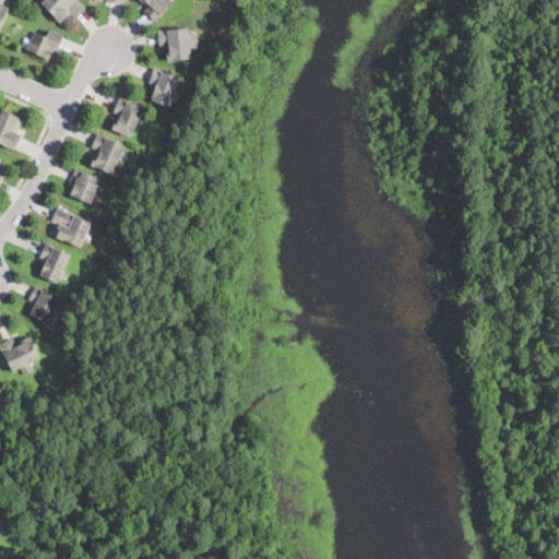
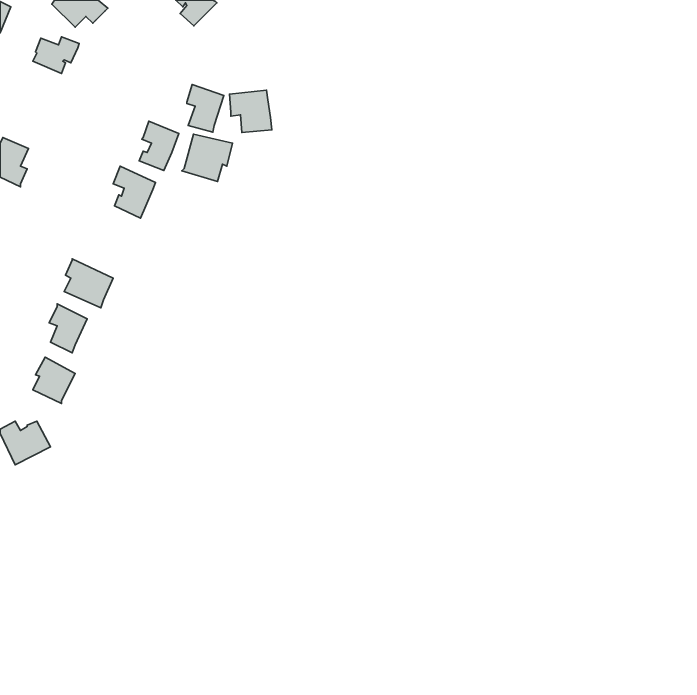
building: [158,27,192,61] -> [230,90,272,132]
building: none -> [182,134,233,182]
building: [70,169,99,204] -> none

